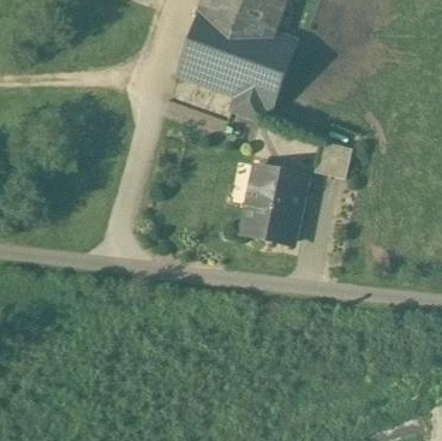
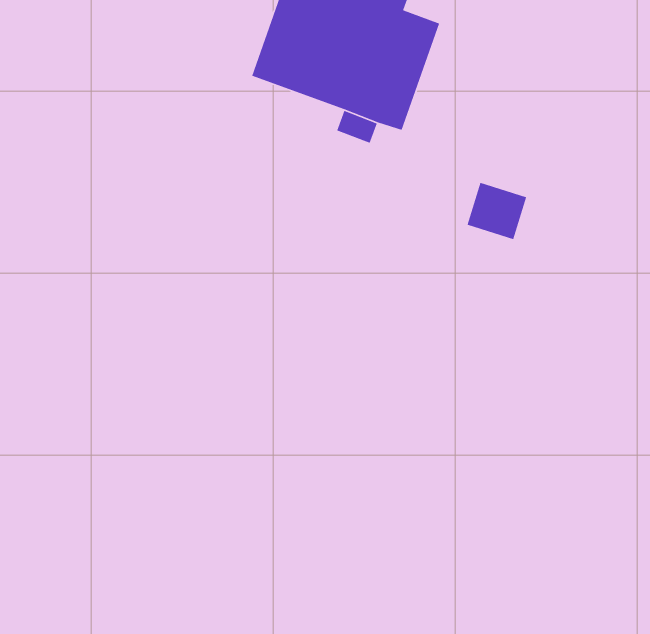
building: [244,167,304,240] -> none

